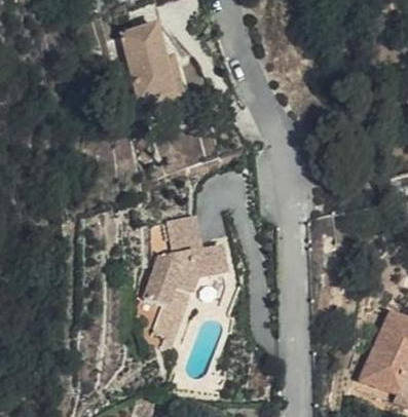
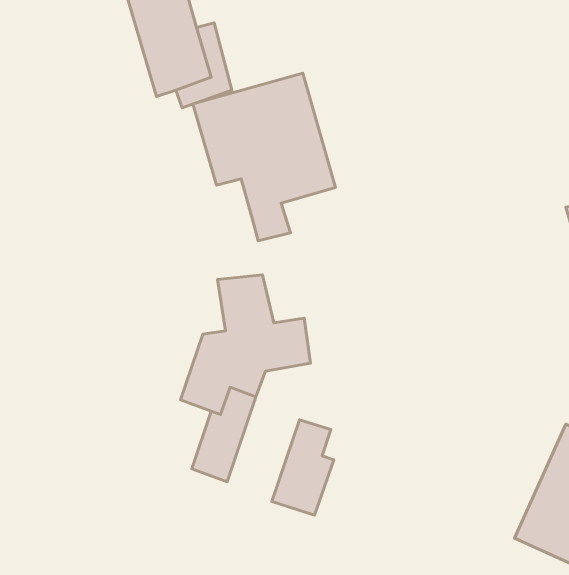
building: none -> [193,73,335,241]
building: none -> [272,420,334,515]

